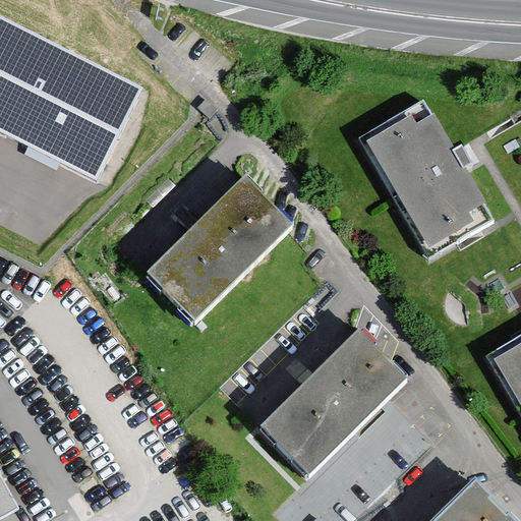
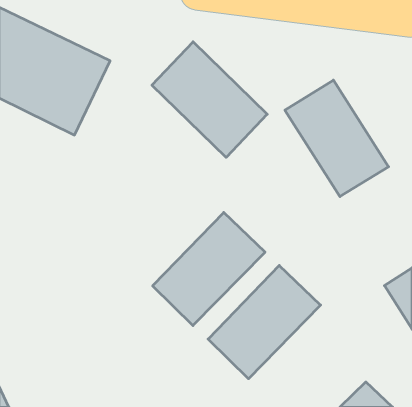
building: none -> [152,42,267,157]
building: [151,182,292,325] -> [153,212,265,326]

